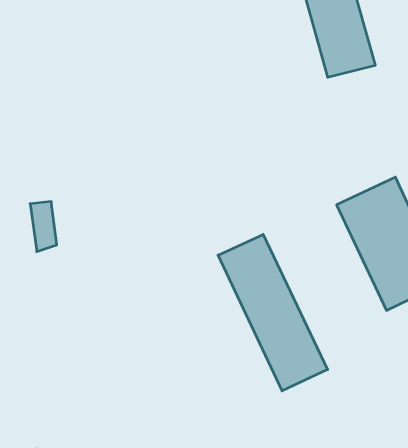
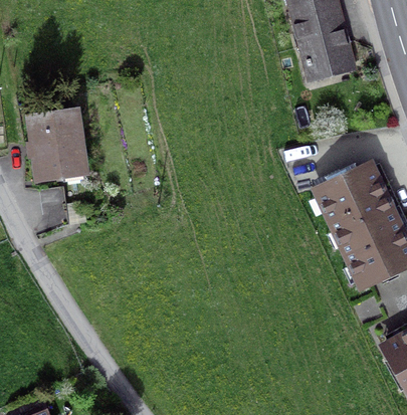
building: none -> [29,110,84,180]
building: [218,234,328,391] -> none

